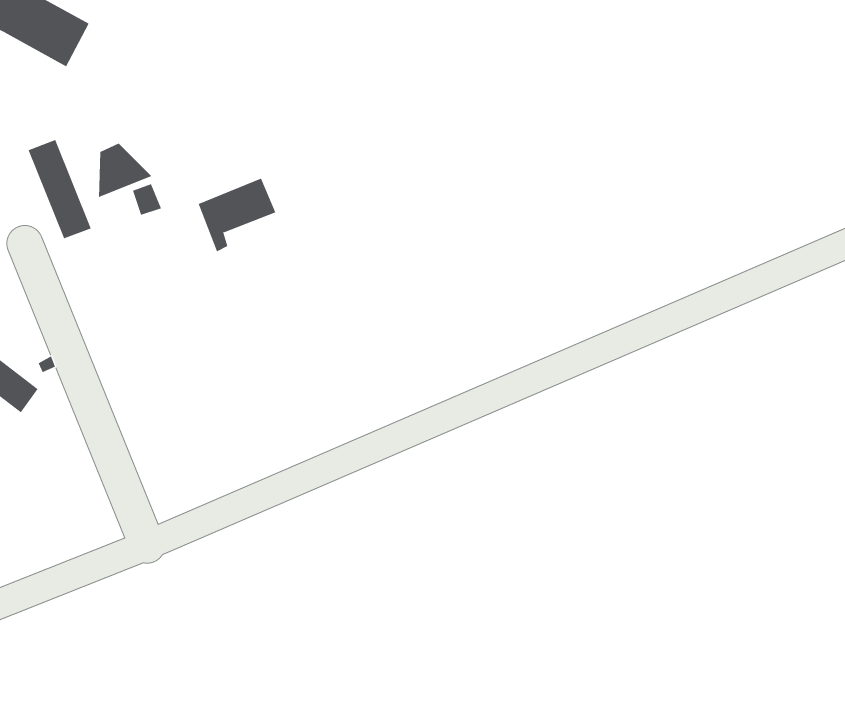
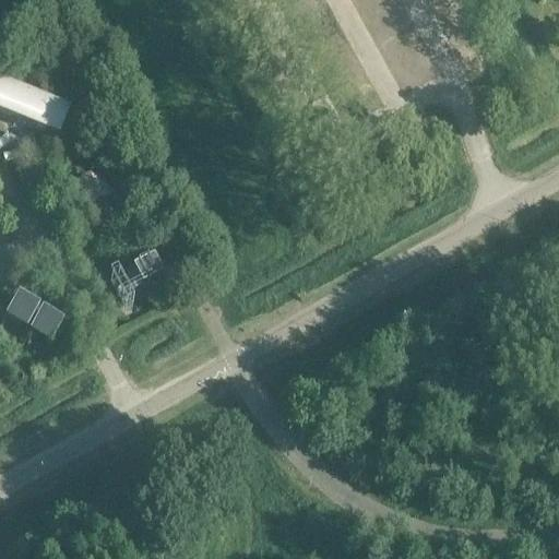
building: [28,139,92,239] -> none
building: [198,178,276,252] -> [111,254,158,301]

